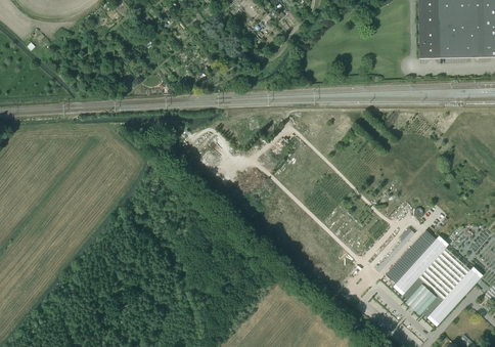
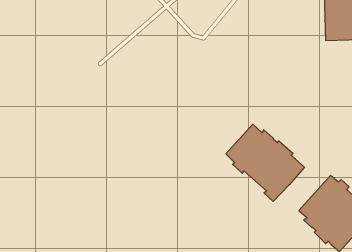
building: none -> [226,124,305,201]

